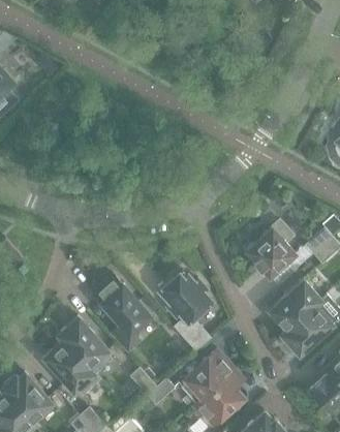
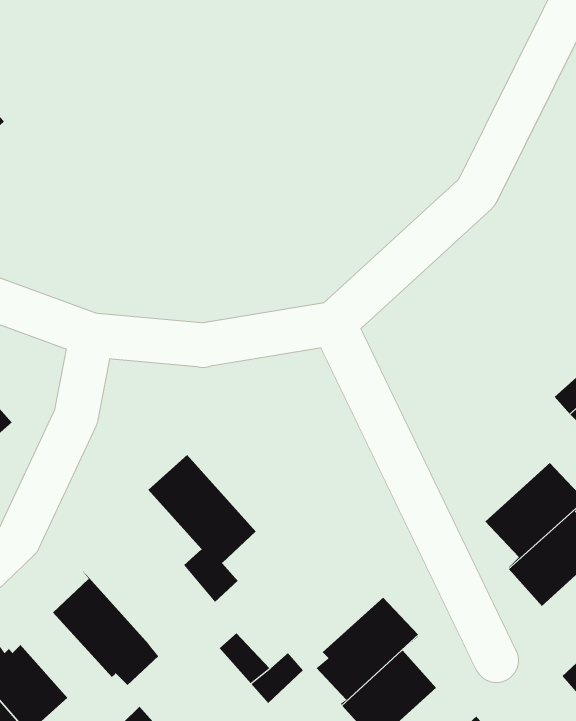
building: [246,219,296,277] -> none
building: [158,271,213,351] -> none
building: [58,316,111,374] -> none

